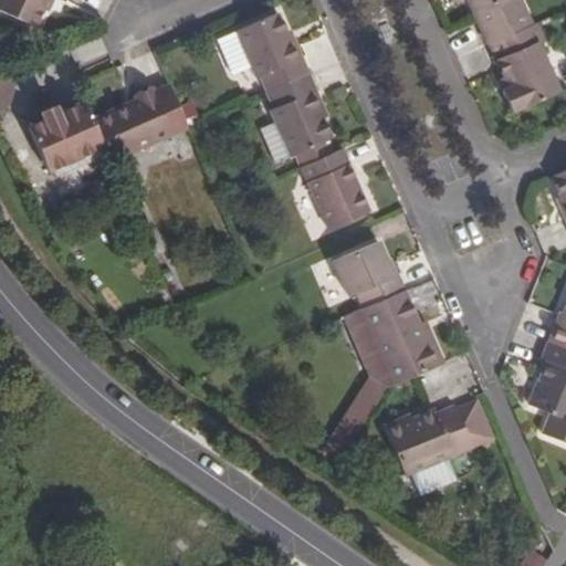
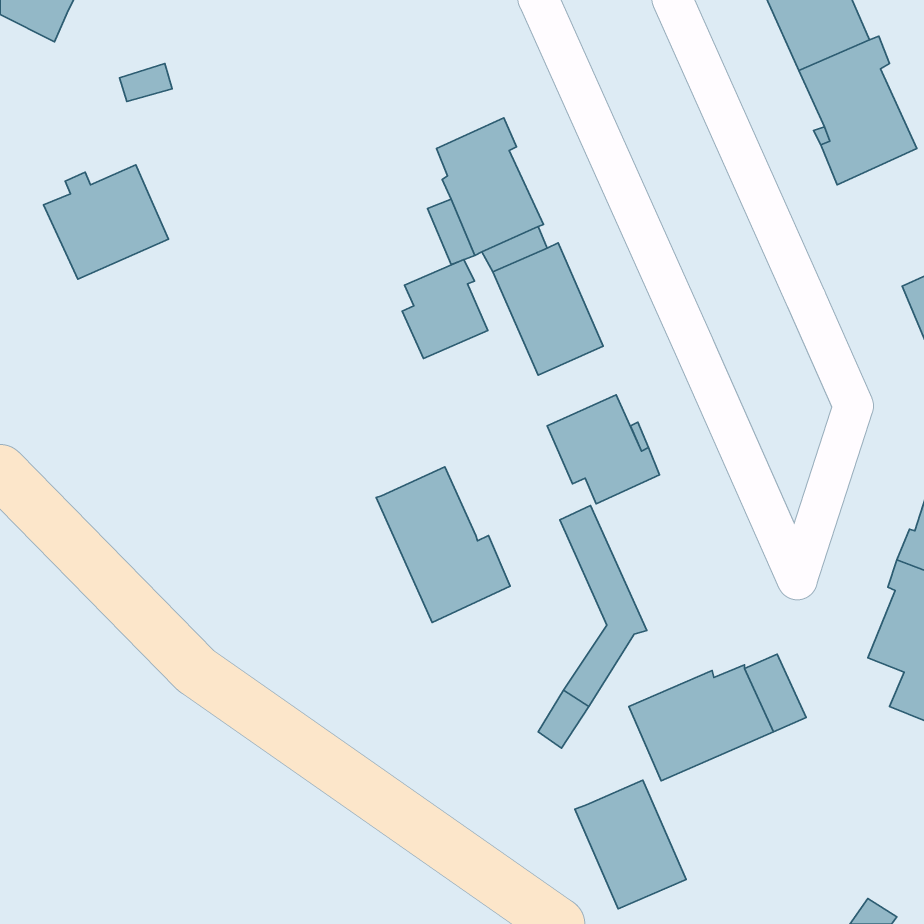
building: [212,12,308,91] -> none
building: [92,84,187,160] -> none
building: none -> [402,260,488,359]
building: [361,290,443,385] -> [376,467,510,623]
building: none -> [575,780,686,909]

